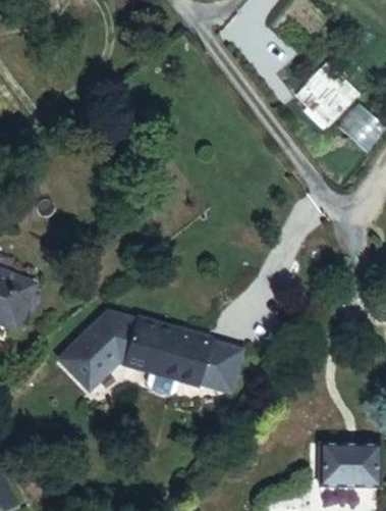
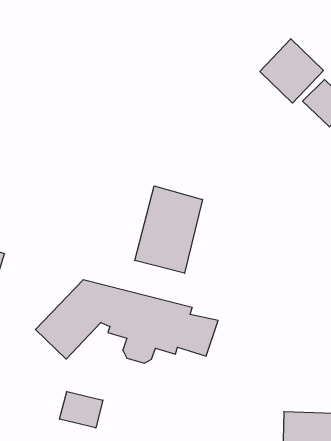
building: none -> [135,186,203,273]
building: none -> [60,391,103,428]

